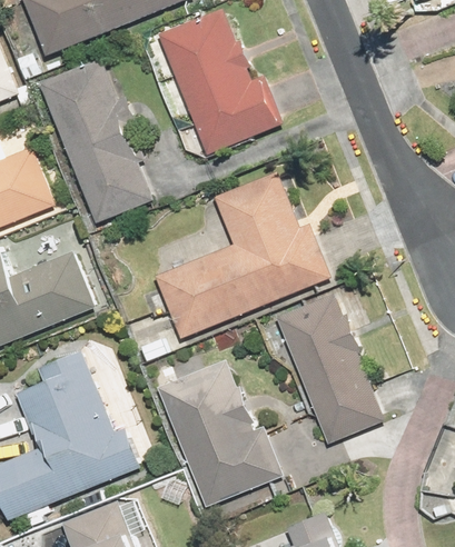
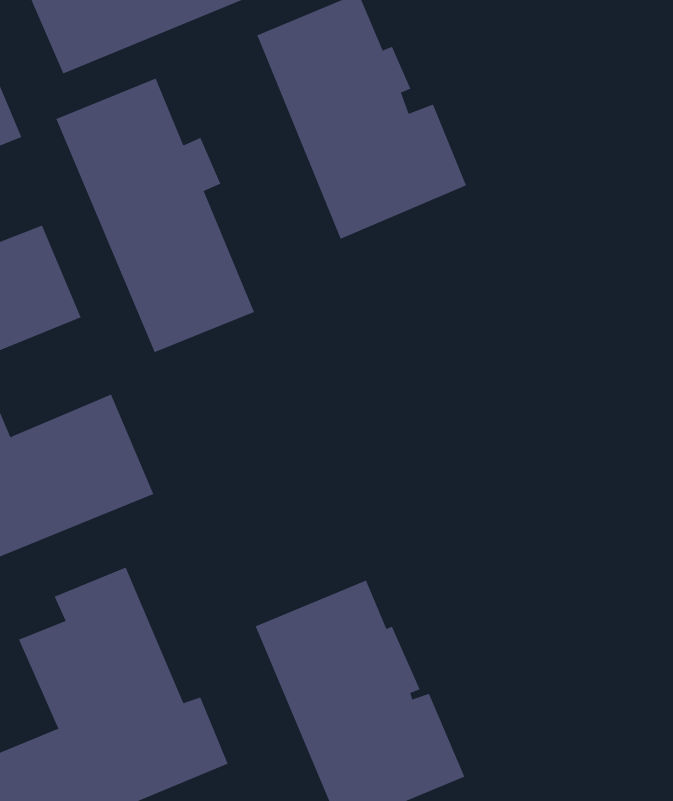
building: [156,171,332,339] -> none
building: [276,294,386,446] -> none

